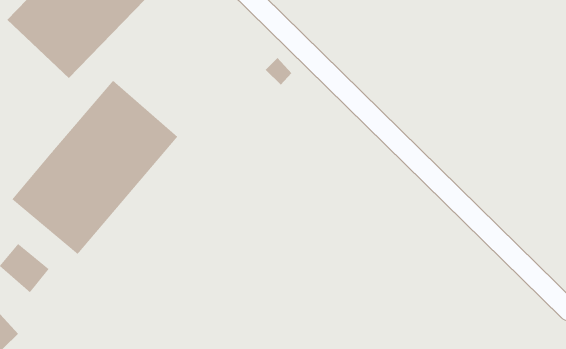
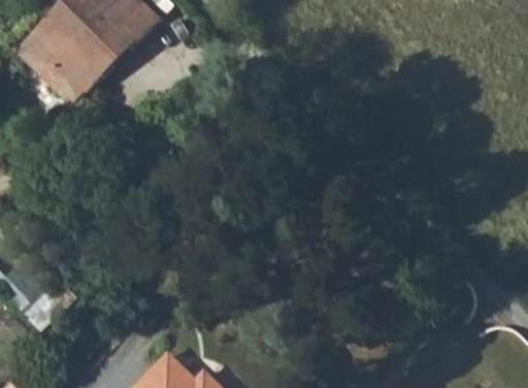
building: [11,80,178,255] -> none

